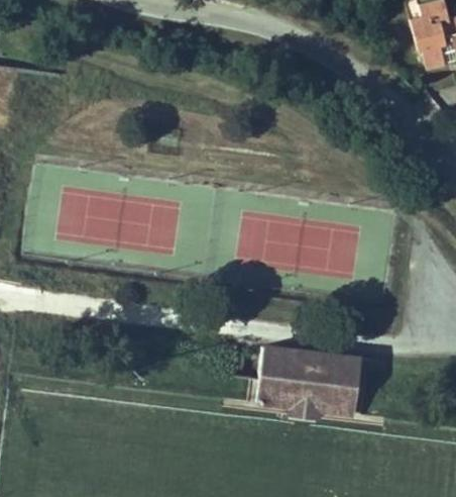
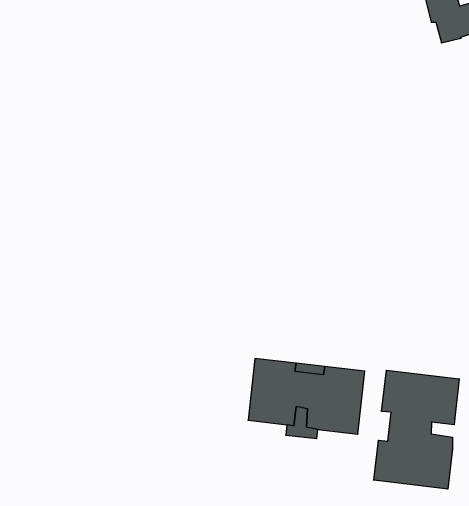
building: none -> [374,370,459,489]

